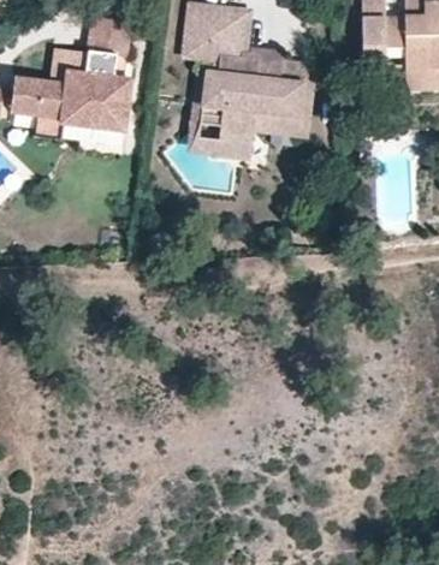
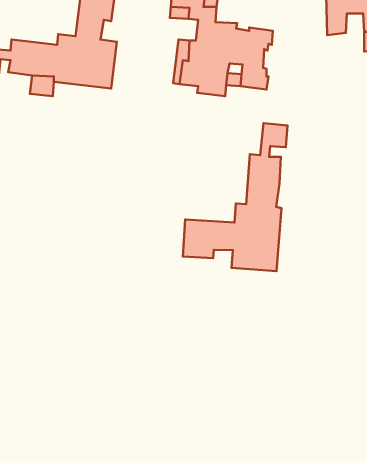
building: [197,124,251,157] -> none
building: none -> [183,123,288,271]

